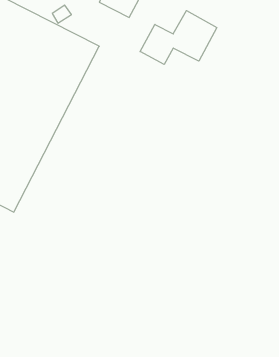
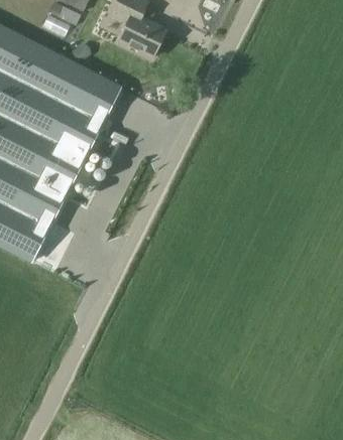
building: [140,11,217,64] -> none

